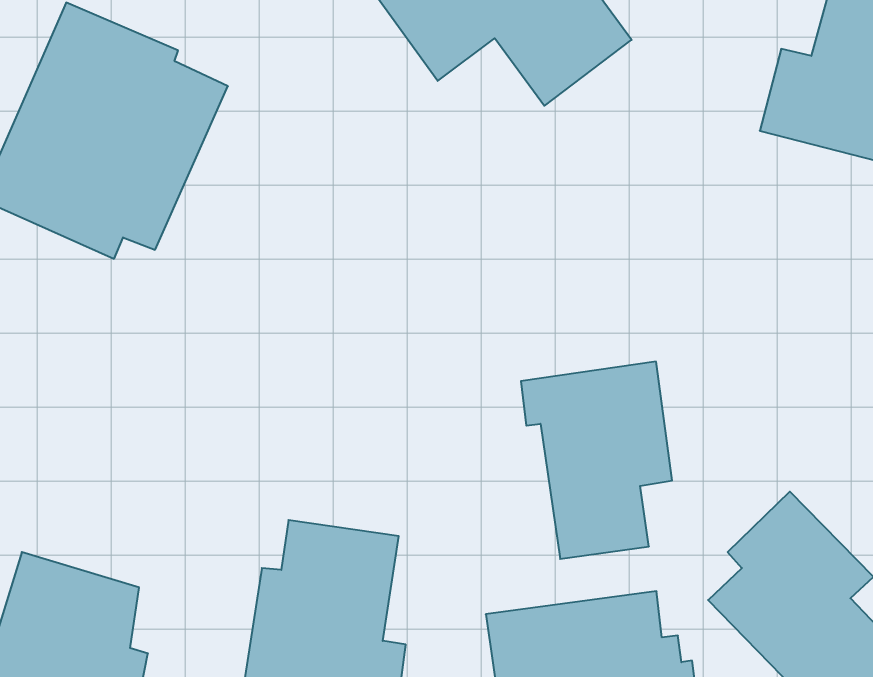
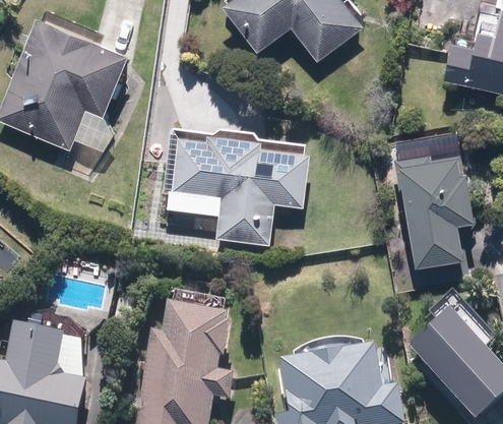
building: none -> [167,121,314,245]
building: [521,362,672,559] -> [390,150,477,263]

